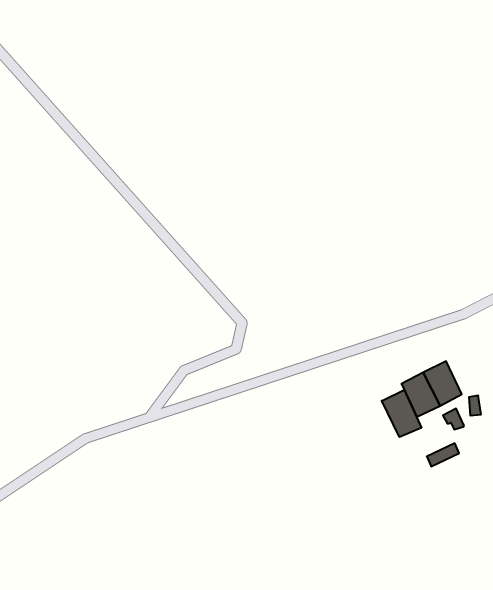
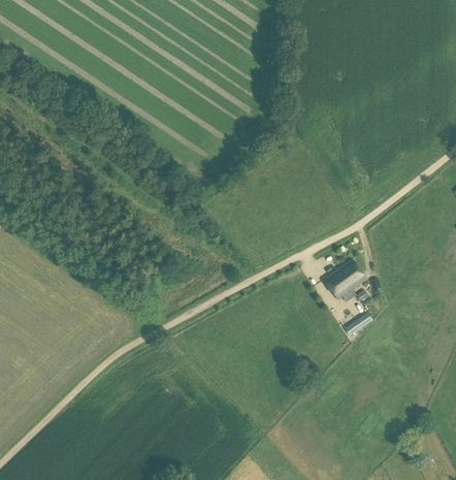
building: [382,390,421,437] -> none

